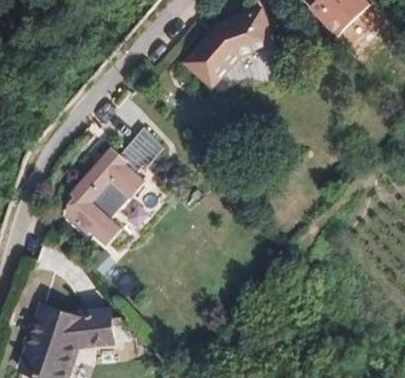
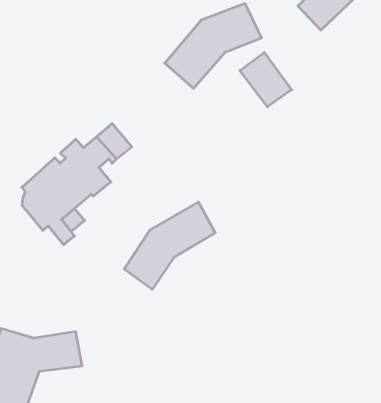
building: none -> [240,52,292,107]
building: none -> [124,202,215,289]

